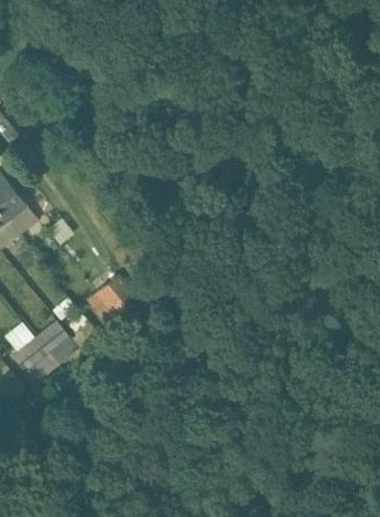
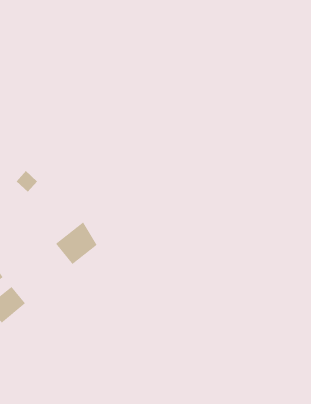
building: [41,329,76,364] -> none

